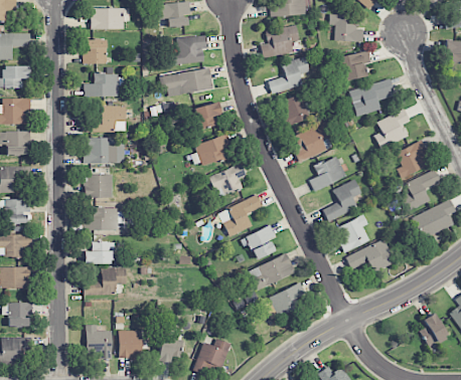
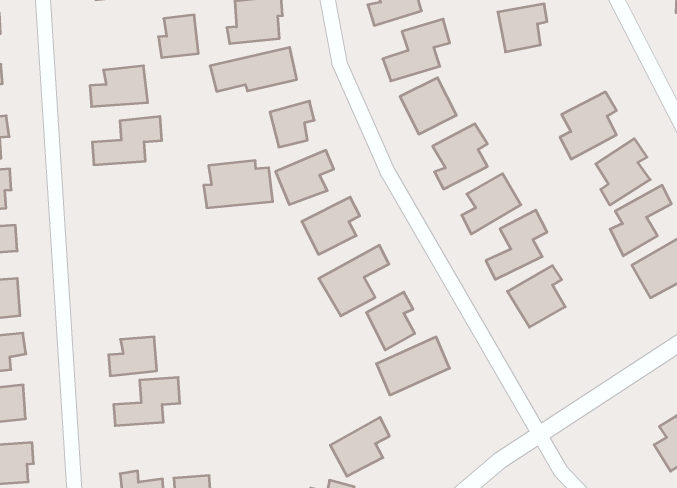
building: [83,38,107,63] -> [158,15,198,58]
building: [349,78,395,116] -> none
building: [83,137,125,164] -> [204,161,273,208]
building: [85,173,113,197] -> none
building: [89,208,126,229] -> none
building: [345,237,396,272] -> none
building: [269,281,306,317] -> [330,417,389,476]

